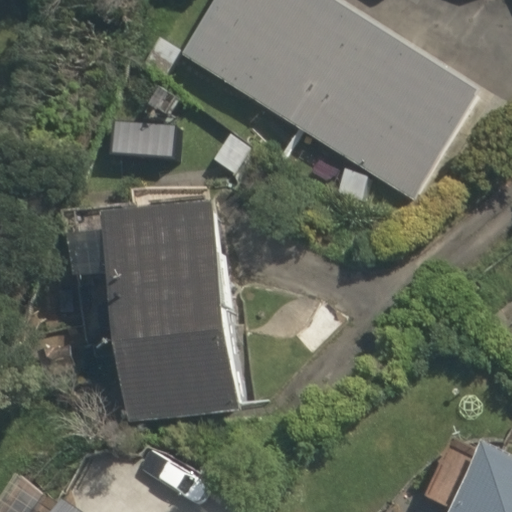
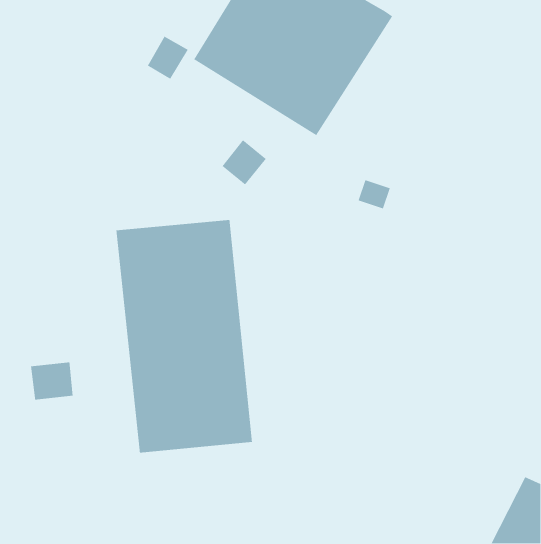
building: [293,15,479,199] -> none

